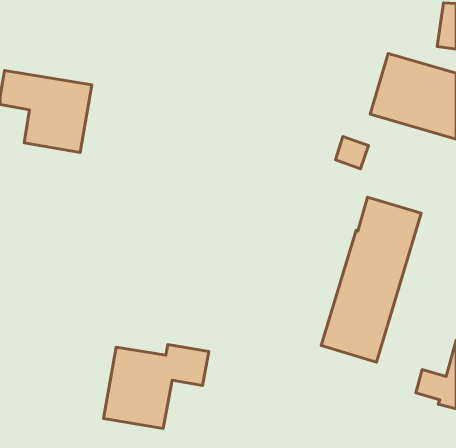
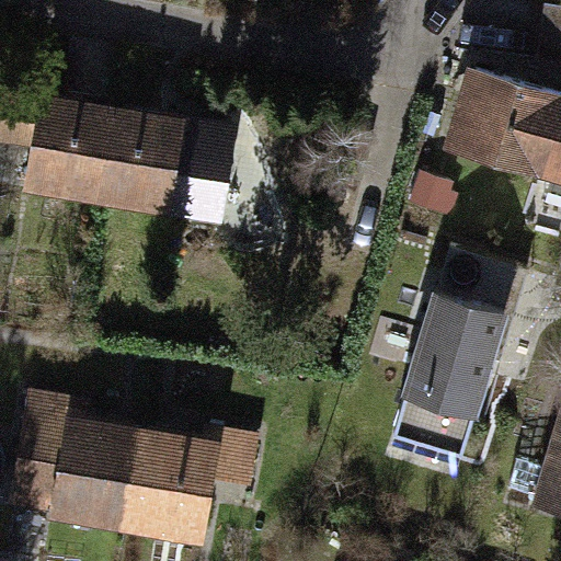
building: none -> [99,114,219,208]
building: none -> [16,403,142,524]

